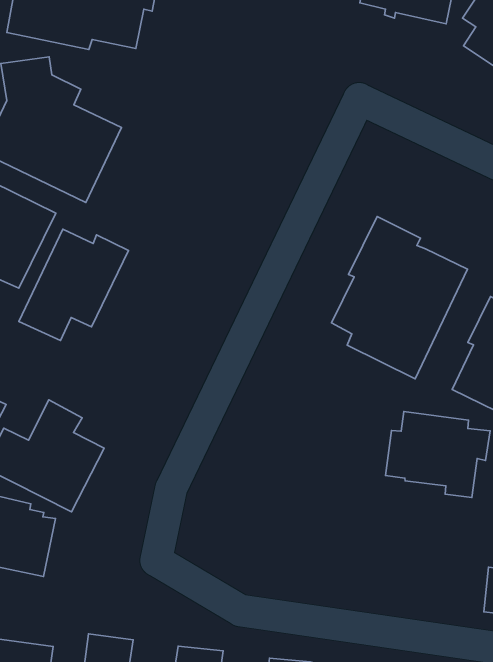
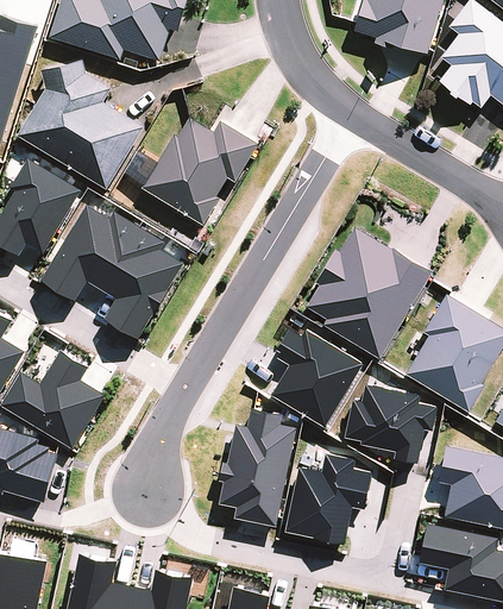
building: none -> [144,117,254,222]
building: none -> [102,230,183,341]
building: none -> [270,331,361,431]
building: none -> [219,410,295,528]
building: none -> [285,457,371,546]

